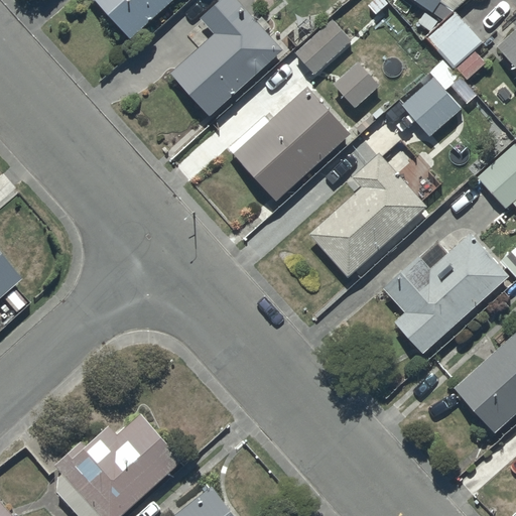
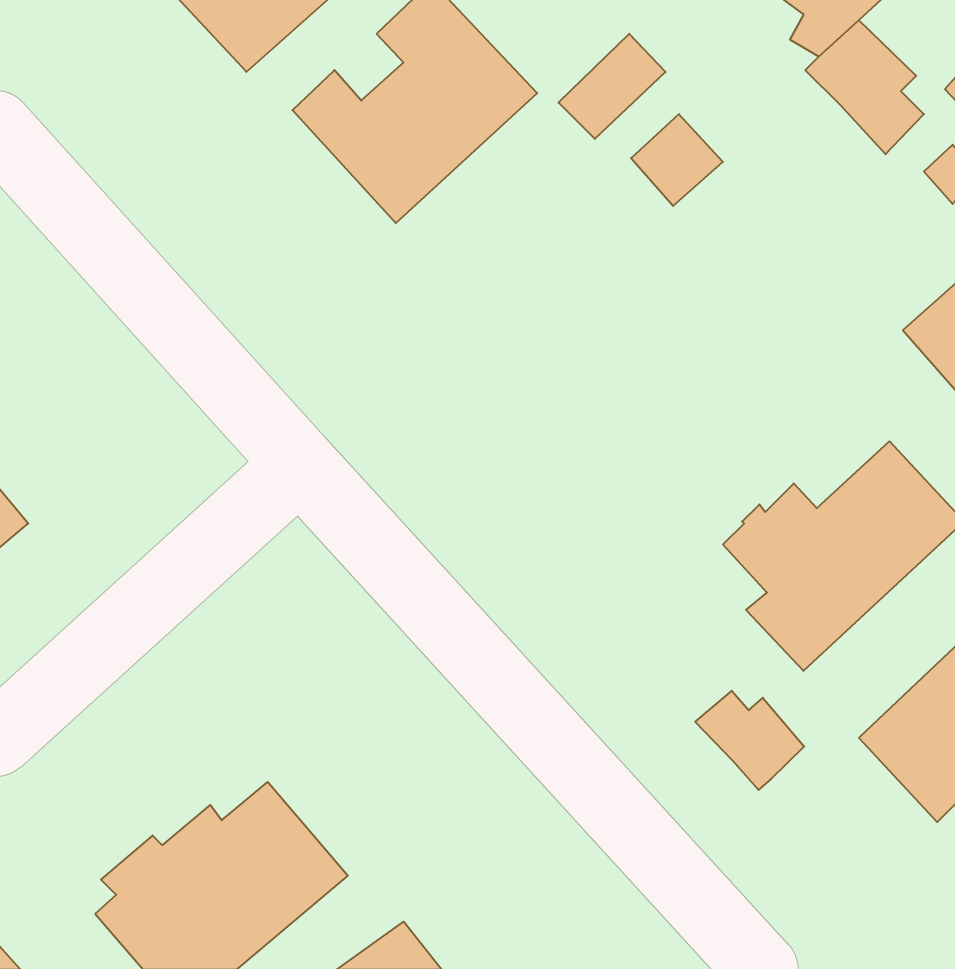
building: [401,56,478,137] -> none
building: [227,87,352,203] -> none
building: [307,143,436,279] -> none
building: none -> [695,691,804,790]

